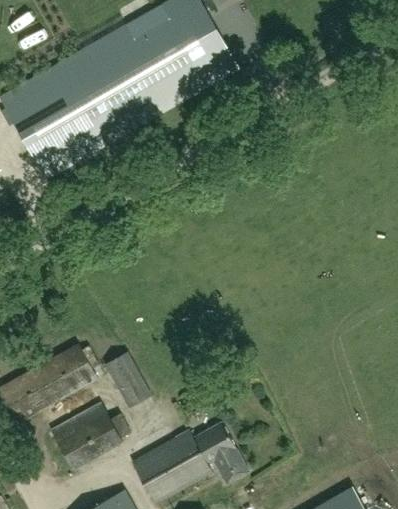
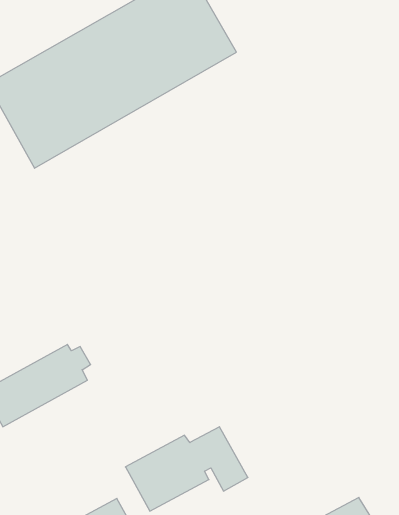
building: [104,352,149,407] -> none
building: [49,402,129,468] -> none

